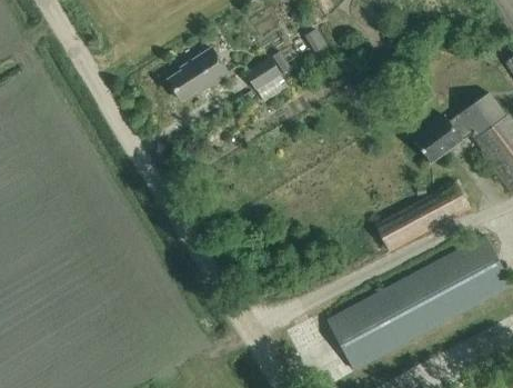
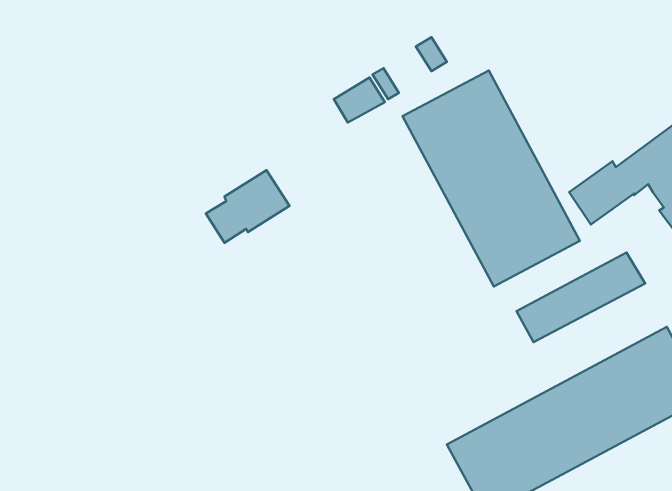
building: [167,49,227,101] -> [206,170,290,243]
building: none -> [403,70,580,286]

